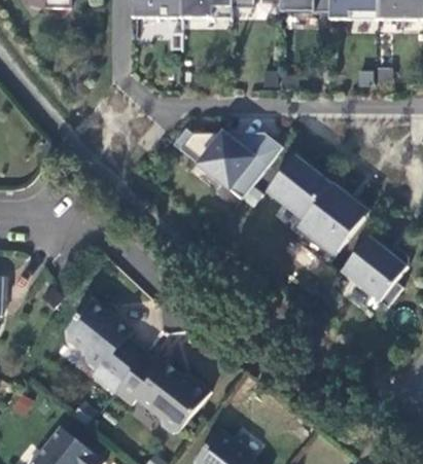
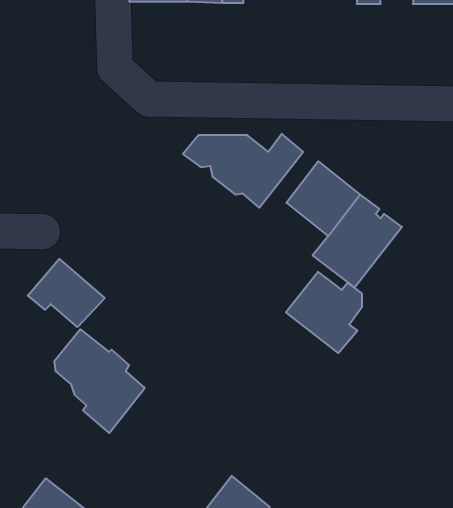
building: [341,236,407,306] -> [286,272,362,353]
building: none -> [28,259,105,327]
building: [113,350,208,429] -> none

